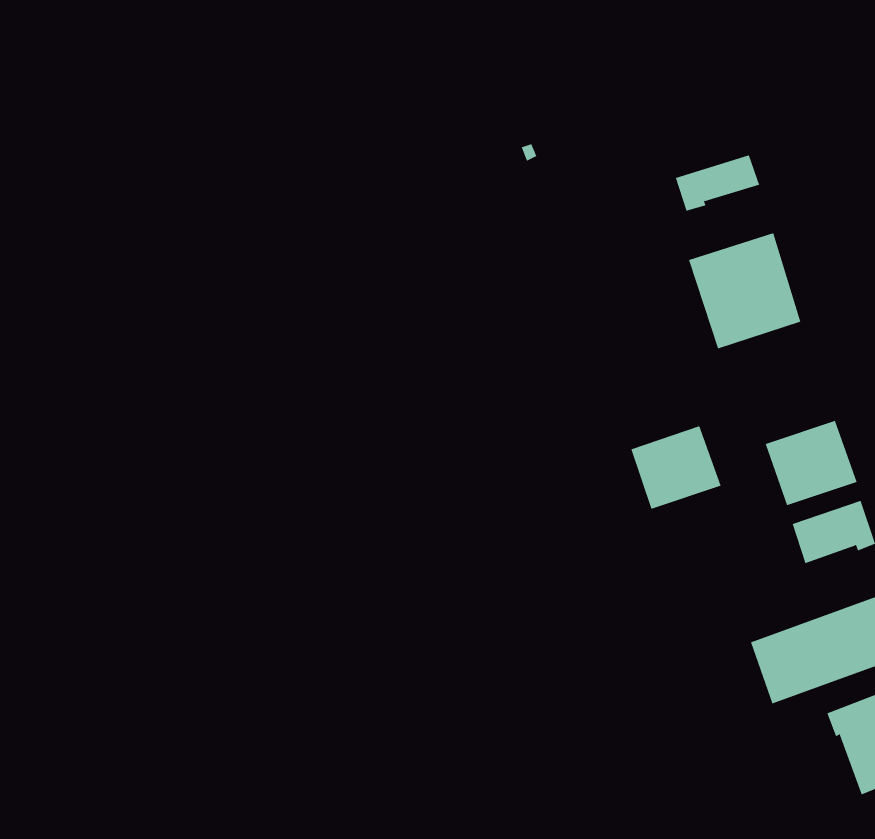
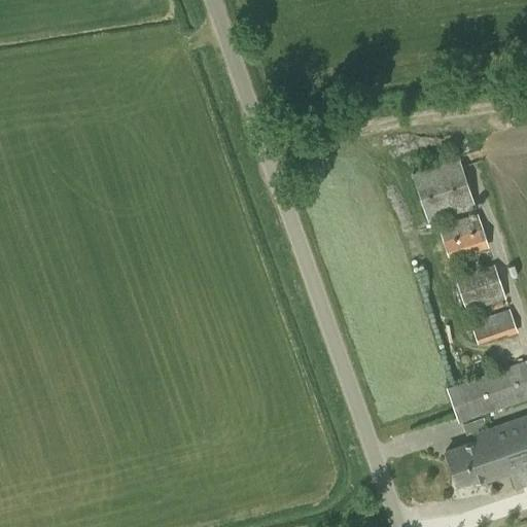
building: [675,154,760,211] -> none
building: [631,426,722,509] -> [438,213,490,260]
building: none -> [445,429,510,488]

